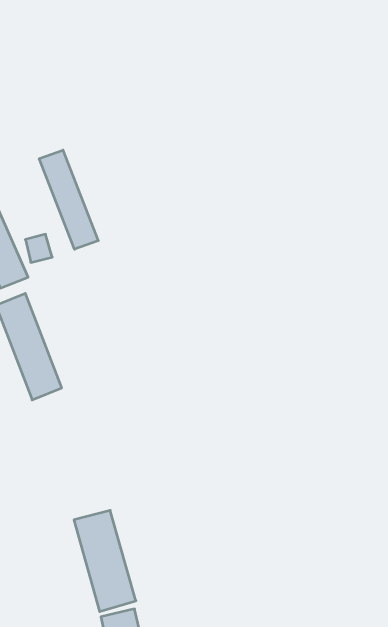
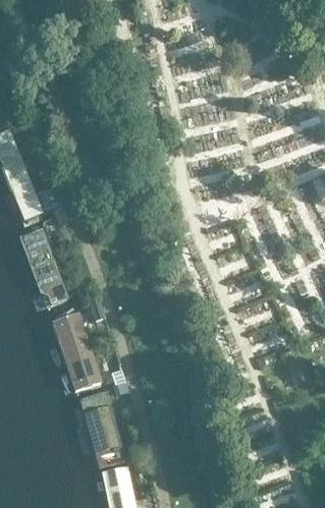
building: [39,150,98,249] -> none
building: none -> [48,307,101,390]

